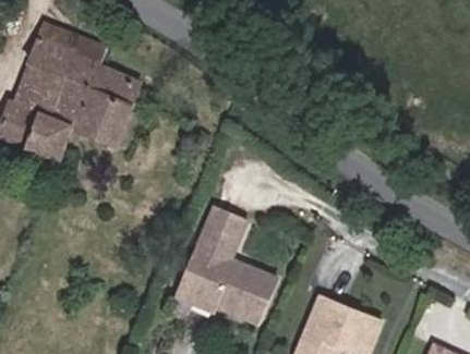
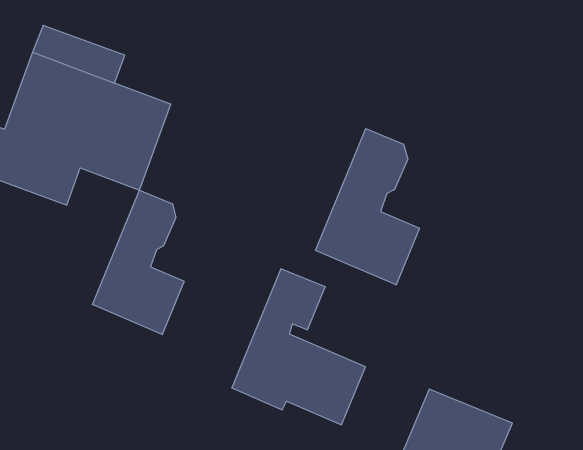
building: none -> [315,129,419,285]
building: none -> [92,190,184,335]

